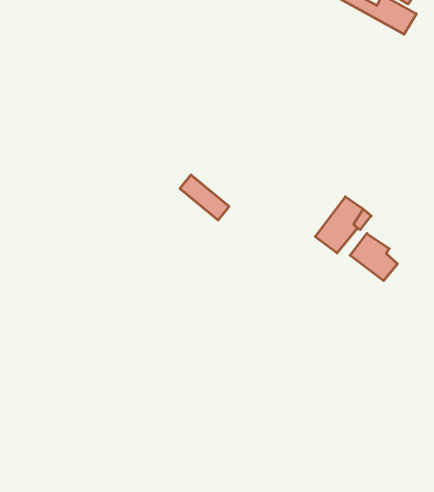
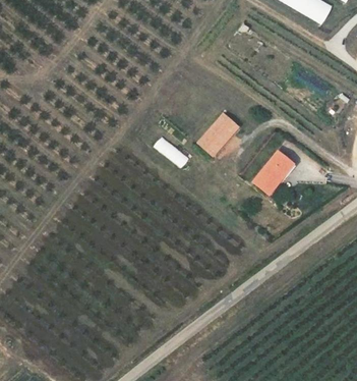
building: none -> [199,111,239,153]
building: [350,233,397,281] -> none

